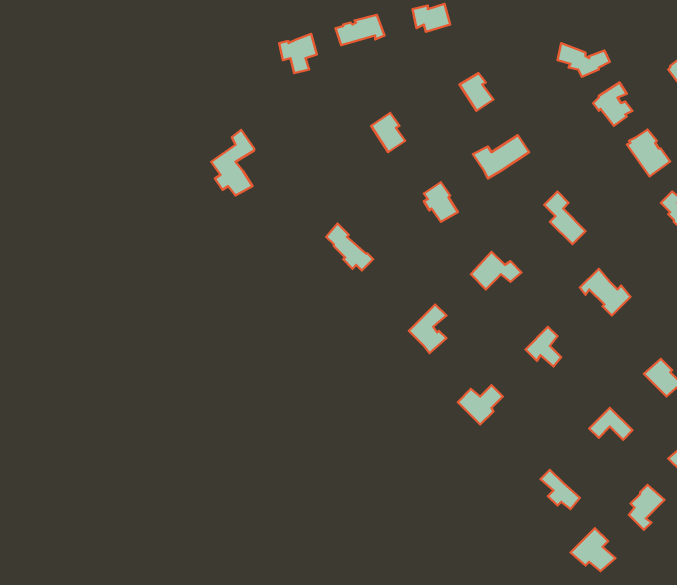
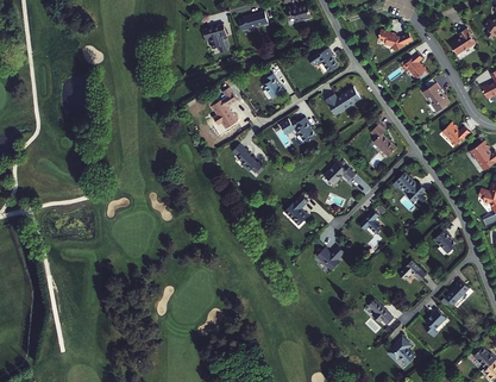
building: [211,130,254,196] -> [211,87,238,129]

